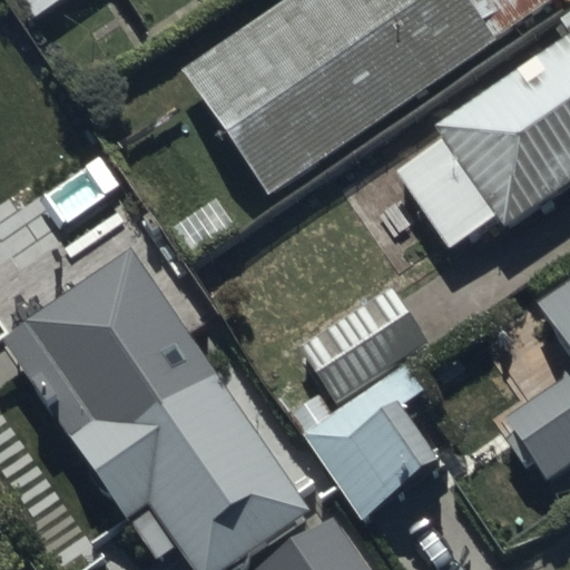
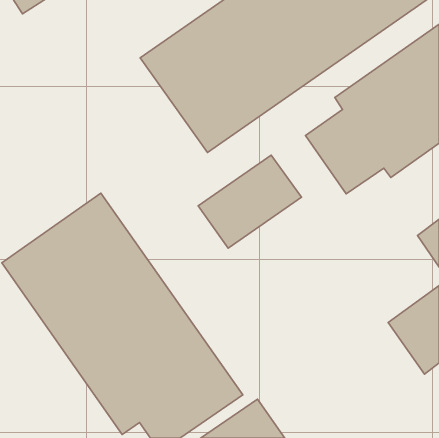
building: [296,282,430,402] -> [198,155,301,248]
building: [308,383,451,528] -> none

